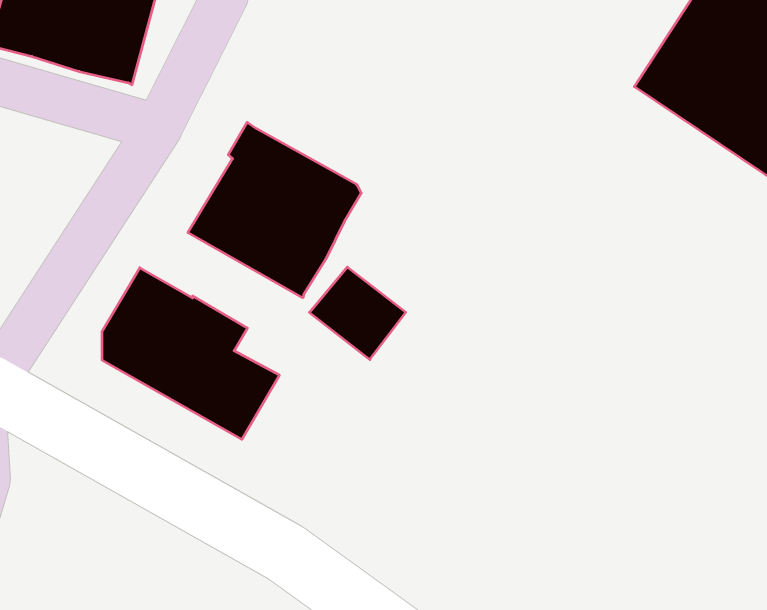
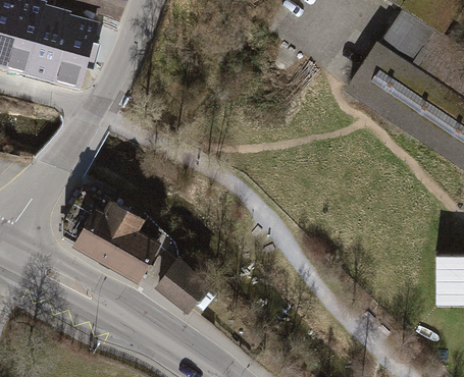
building: [188,122,361,298] -> none
building: [309,267,406,360] -> [162,258,214,308]

